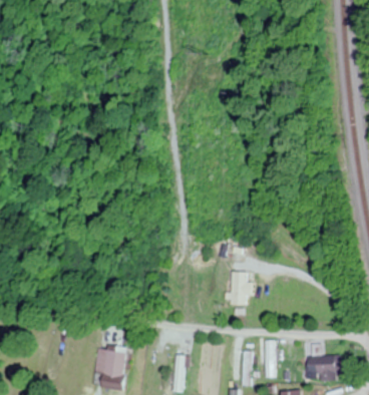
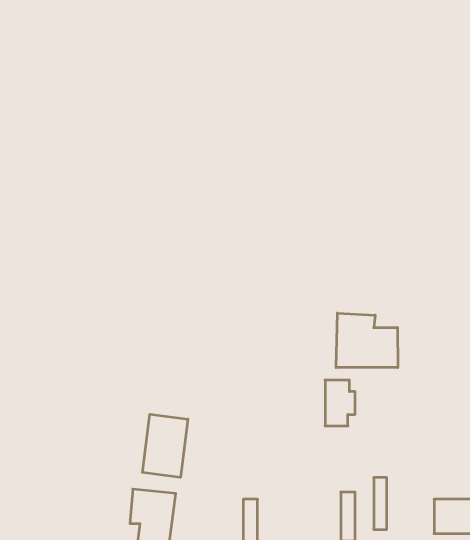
building: none -> [336,313,398,368]
building: none -> [142,414,188,477]

